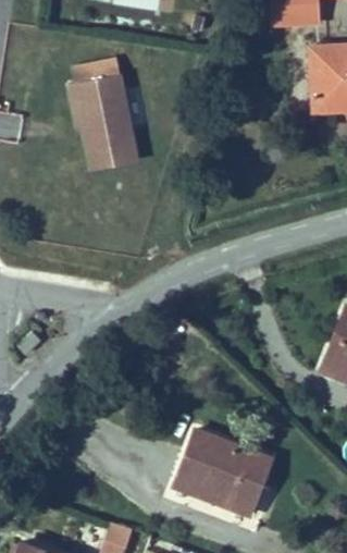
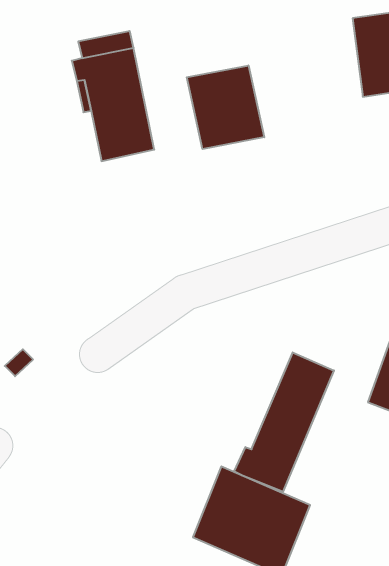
building: none -> [187,65,264,149]
building: none -> [234,352,334,492]

